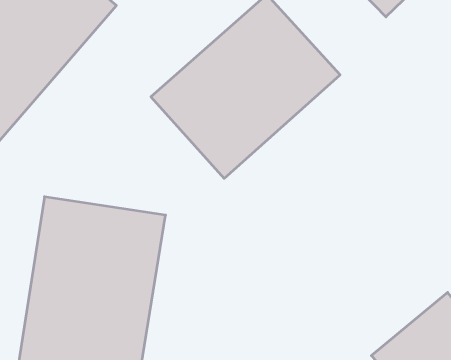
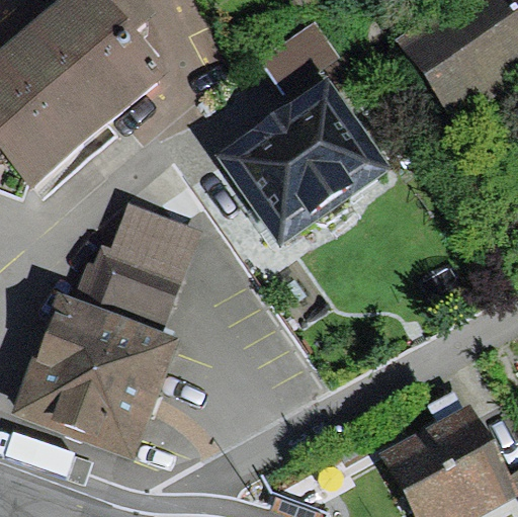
building: none -> [100,195,194,274]

